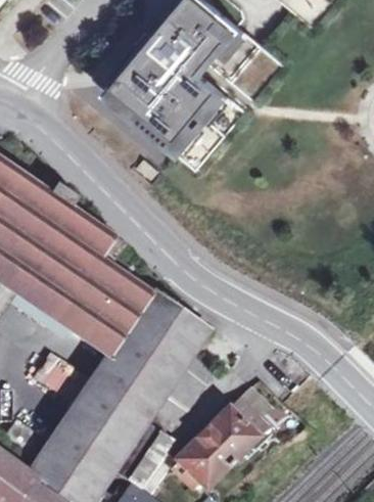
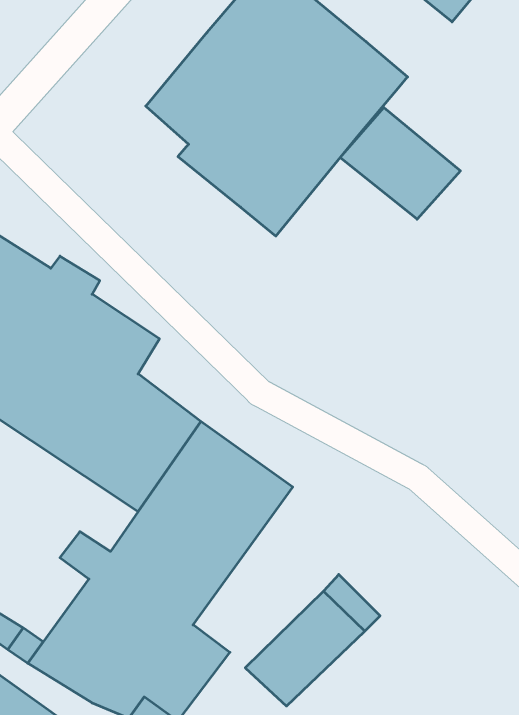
building: none -> [340,107,460,219]

